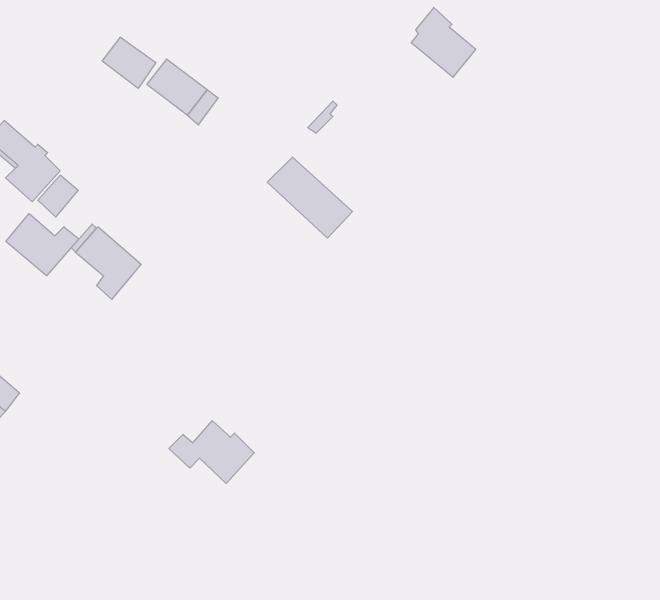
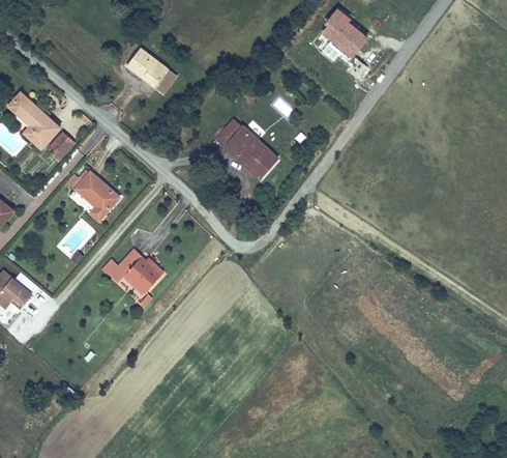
building: [102,37,156,88] -> none
building: [6,214,79,276] -> none
building: [169,421,254,483] -> [100,248,163,294]

